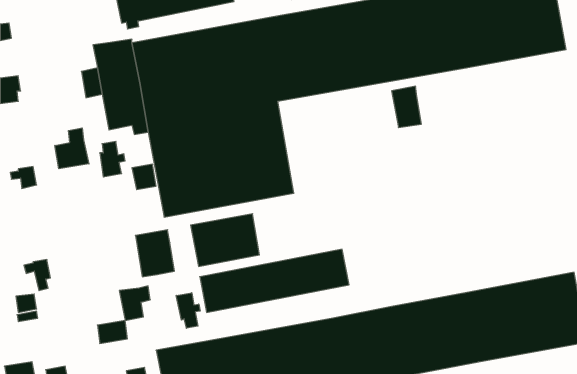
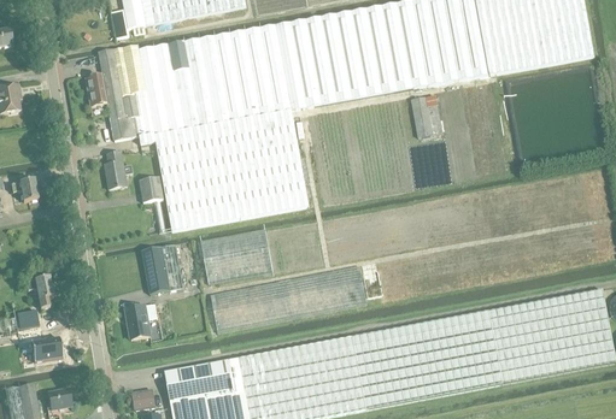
building: [55,128,89,169] -> none
building: [176,293,200,328] -> none
building: [97,320,127,343] -> [31,336,63,360]

